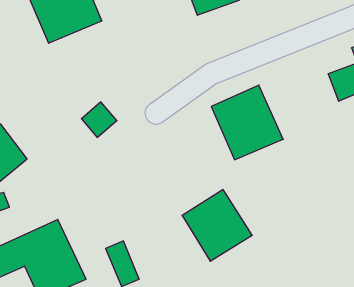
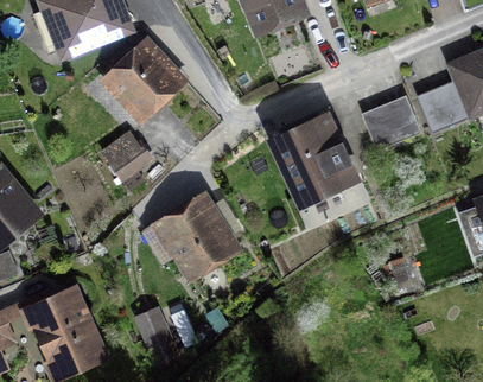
building: none -> [100,38,188,126]
building: none -> [361,97,421,153]
building: [182,190,252,261] -> [152,193,241,285]

